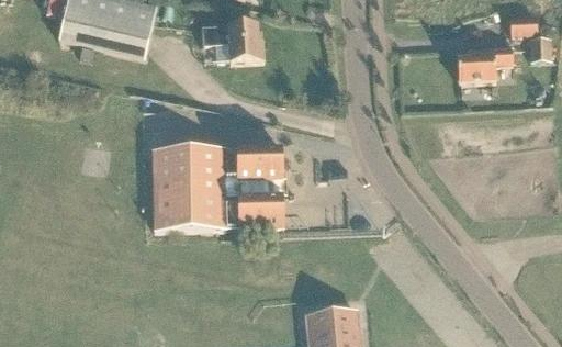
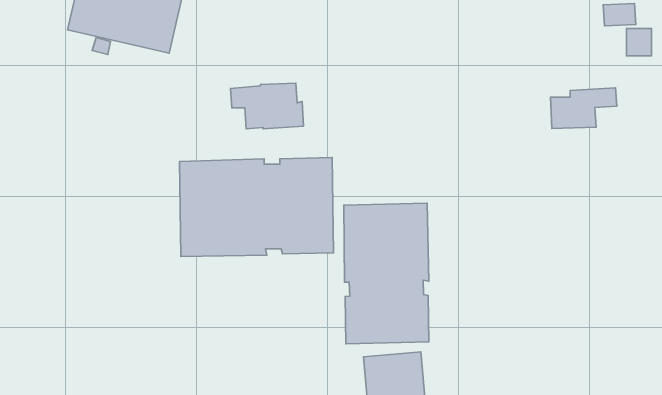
building: [203,22,265,60] -> [231,83,304,129]
building: [458,46,514,80] -> [550,88,617,128]
building: none -> [344,203,429,344]

